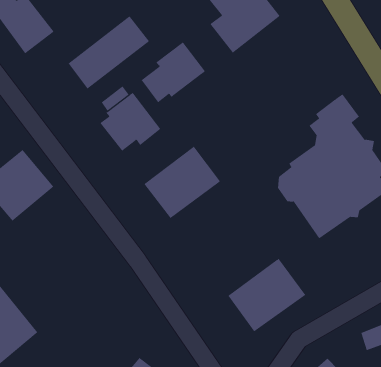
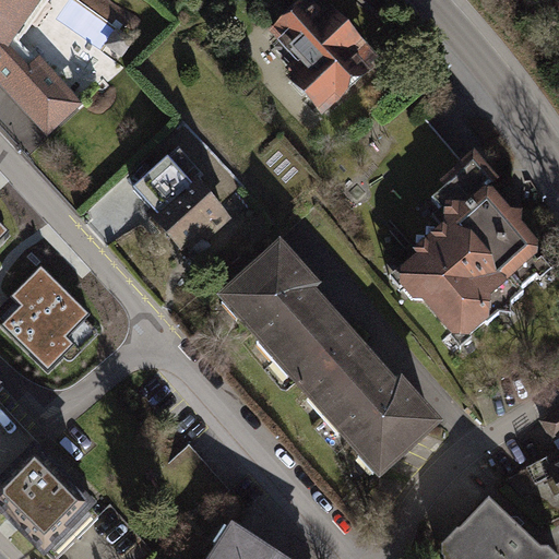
building: [68,15,150,89] -> none
building: [141,42,206,103] -> none
building: none -> [257,283,403,431]

